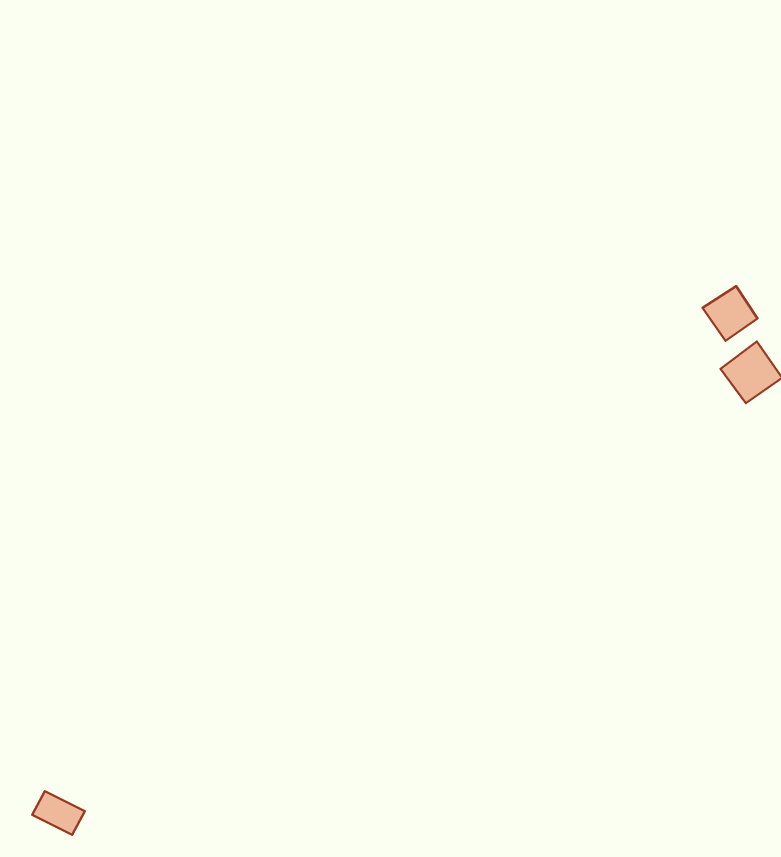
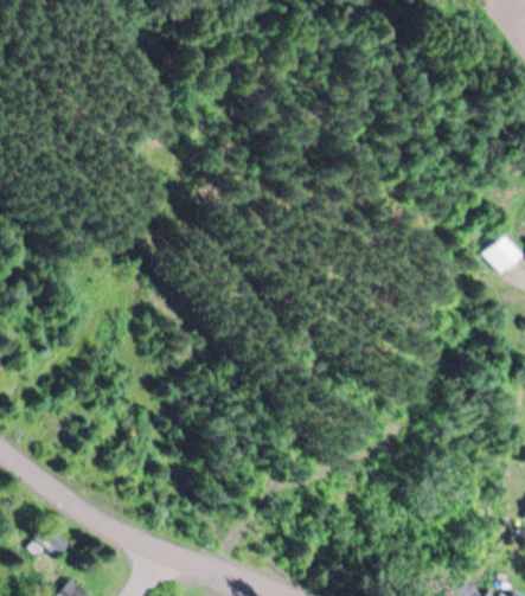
building: [702,286,758,341] -> none

